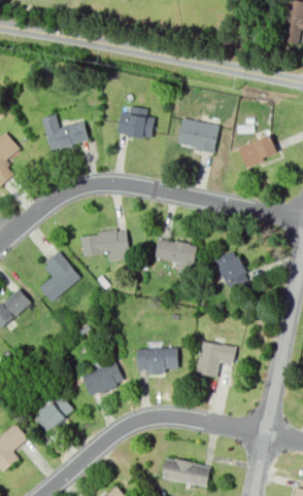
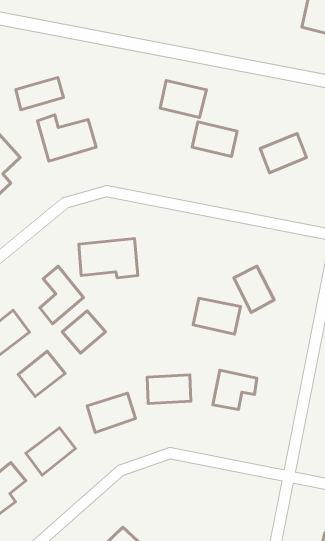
building: none -> [16,78,64,110]
building: [114,108,156,141] -> [160,81,207,117]
building: [155,238,197,270] -> [193,298,240,334]
building: none -> [62,311,106,353]
building: none -> [18,351,65,396]
building: [161,458,205,489] -> none

